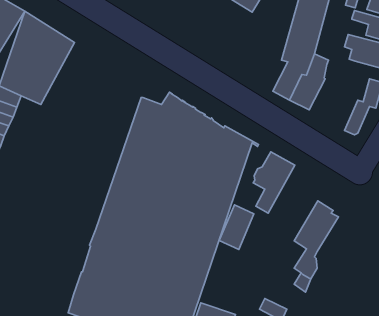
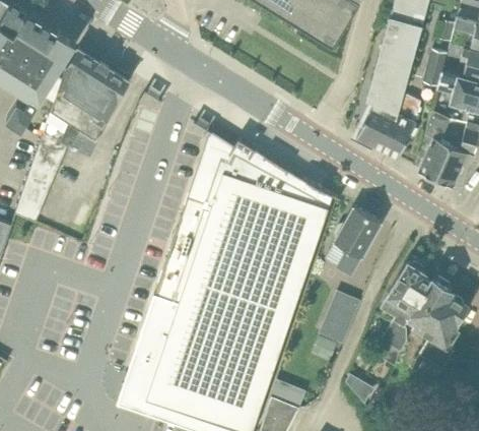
building: none -> [422,50,447,86]
building: none -> [418,112,454,182]
building: [219,205,254,249] -> [320,292,359,343]
building: none -> [407,278,467,368]

